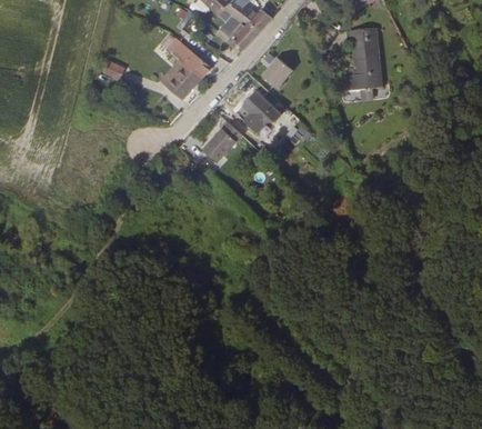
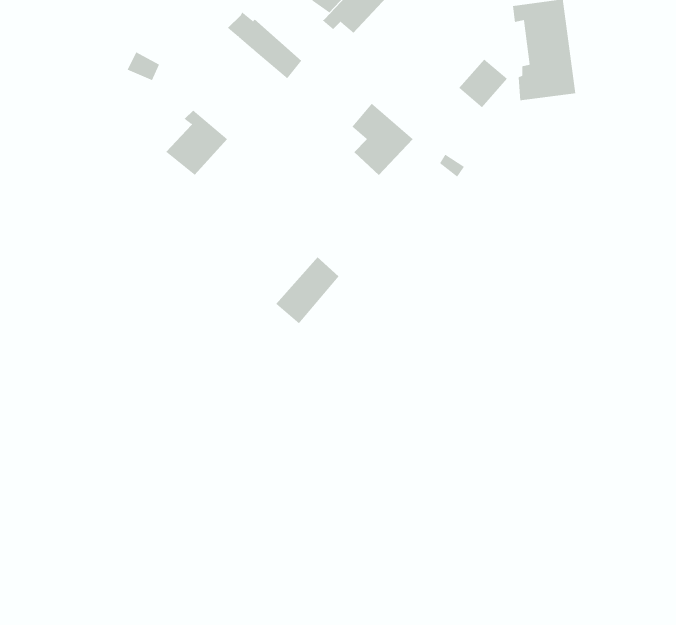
building: [262,56,292,86] -> [459,59,508,108]
building: [164,58,202,98] -> [166,110,228,176]
building: [201,120,240,161] -> [275,256,339,324]

